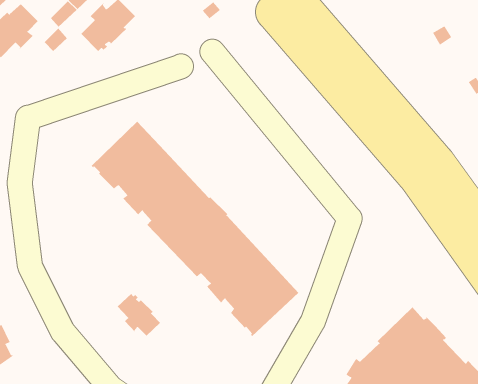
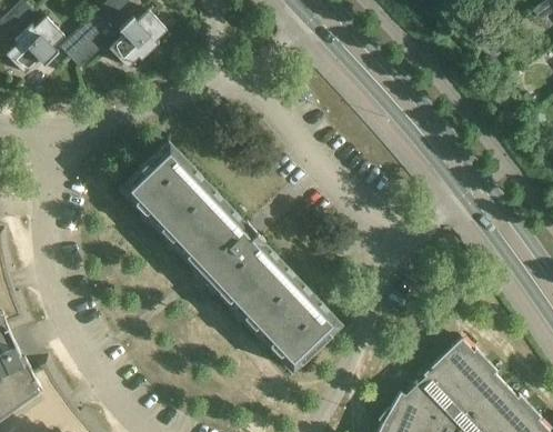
building: [117,293,161,336] -> none

